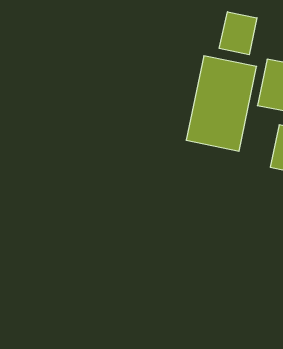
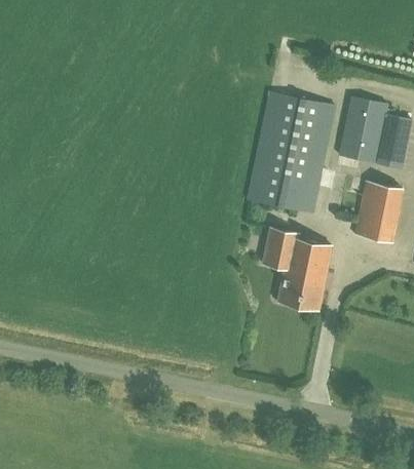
building: [219,12,257,55] -> none
building: none -> [262,229,331,310]

